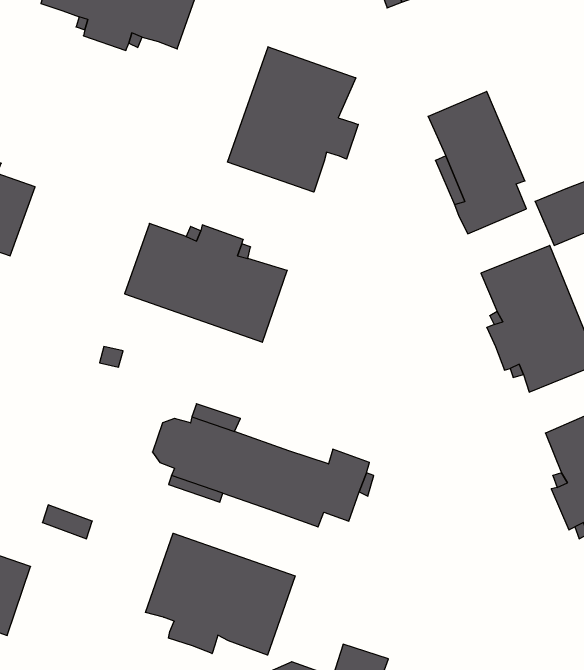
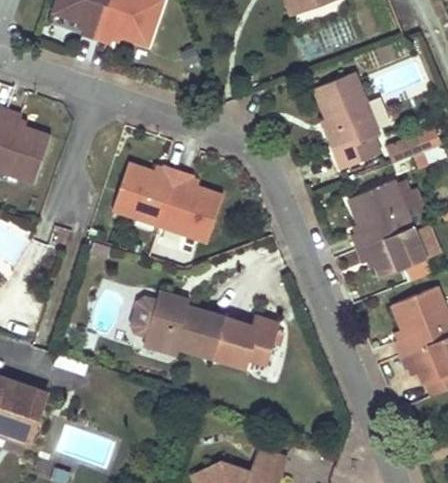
building: [228,47,358,192] -> none
building: [146,533,295,655] -> none

